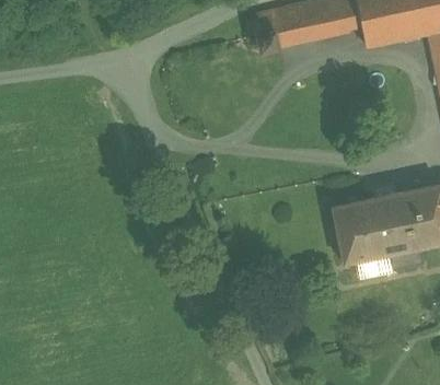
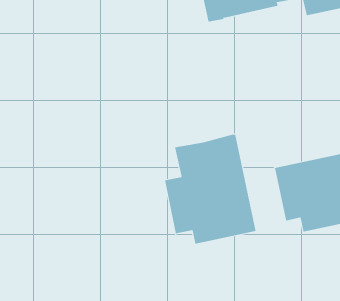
building: none -> [165,134,256,245]

